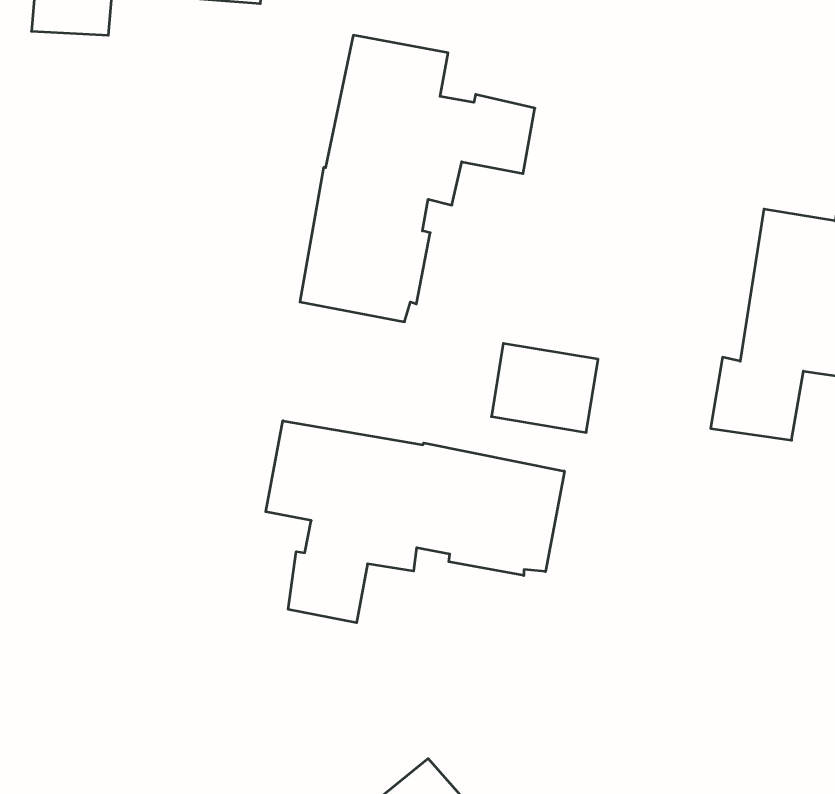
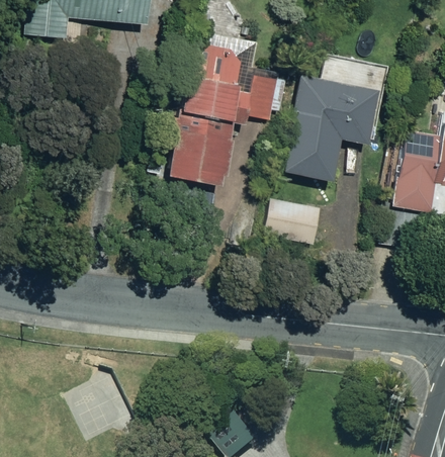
building: none -> [285,74,379,182]
building: [266,421,564,623] -> none

